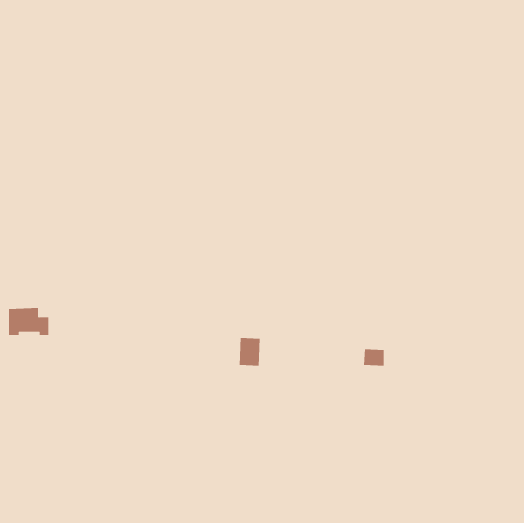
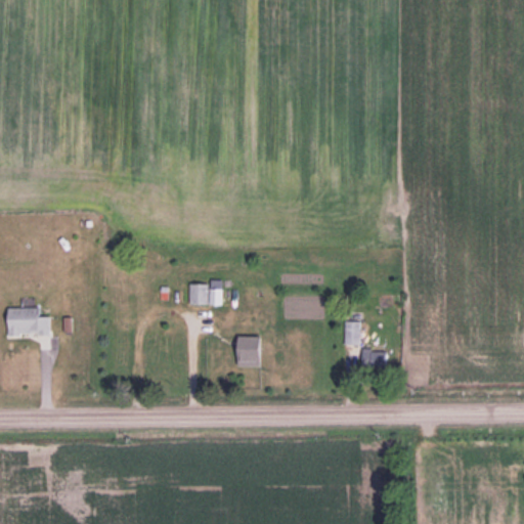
building: none -> [189,280,222,305]
building: none -> [344,321,360,346]

